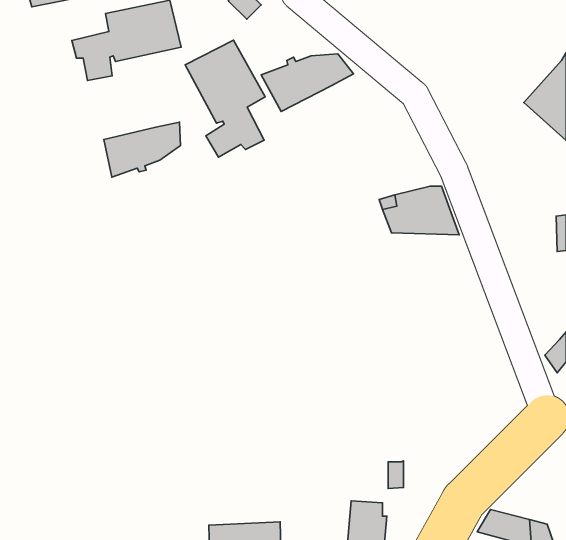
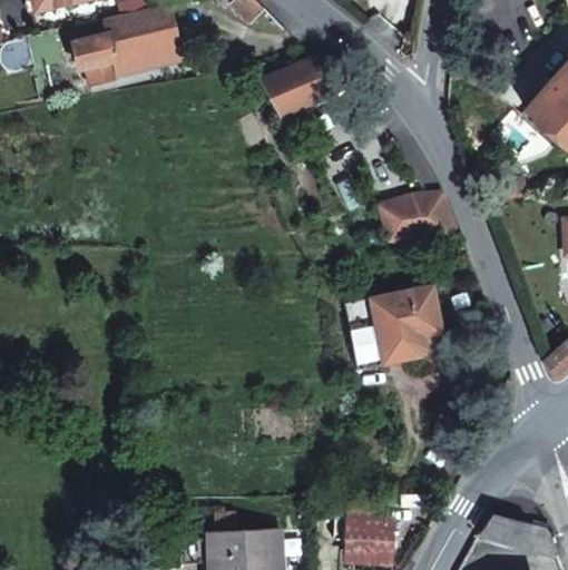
building: [185,40,265,157] -> none
building: [104,122,181,177] -> none
building: none -> [369,288,442,365]

